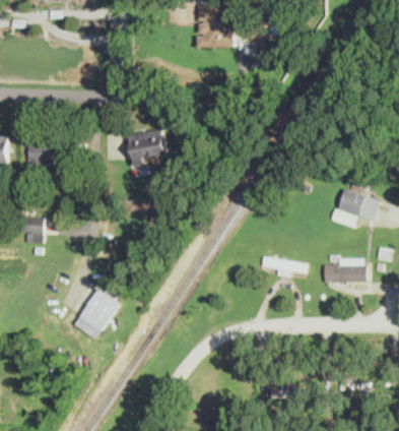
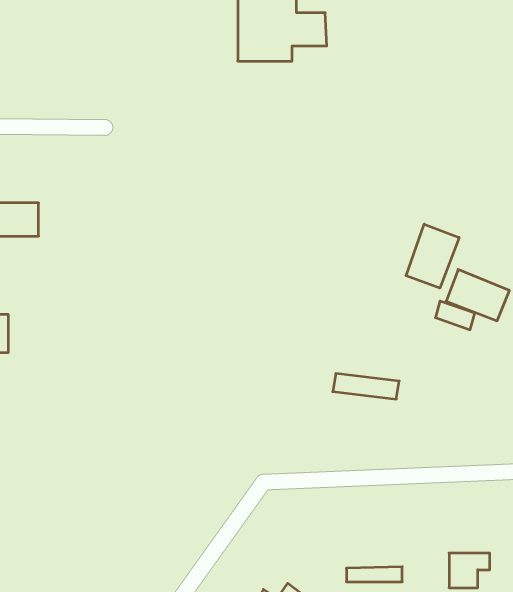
building: [129,130,164,168] -> none
building: none -> [406,224,459,288]
building: [324,260,365,282] -> none
building: [74,290,118,340] -> none

